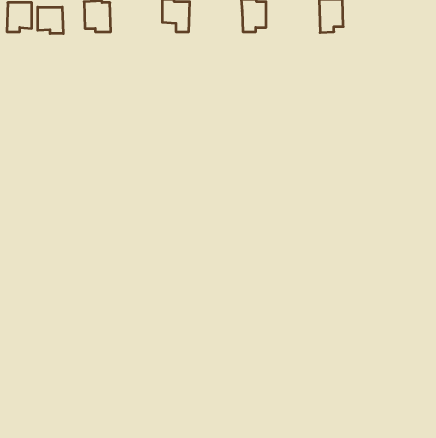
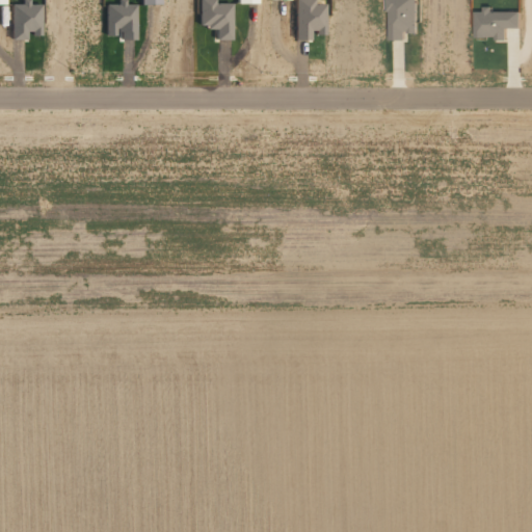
building: none -> [477,8,523,37]
building: [38,7,63,34] -> none

